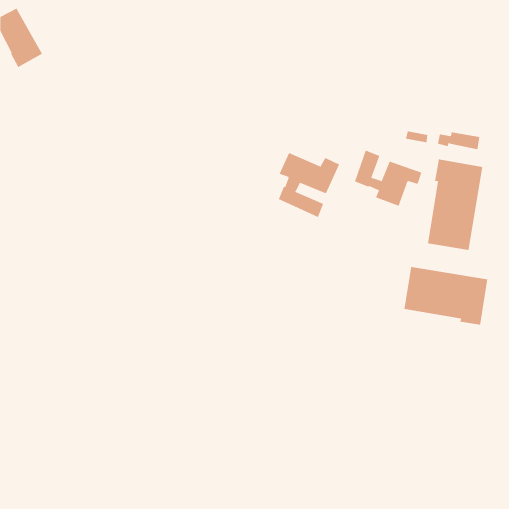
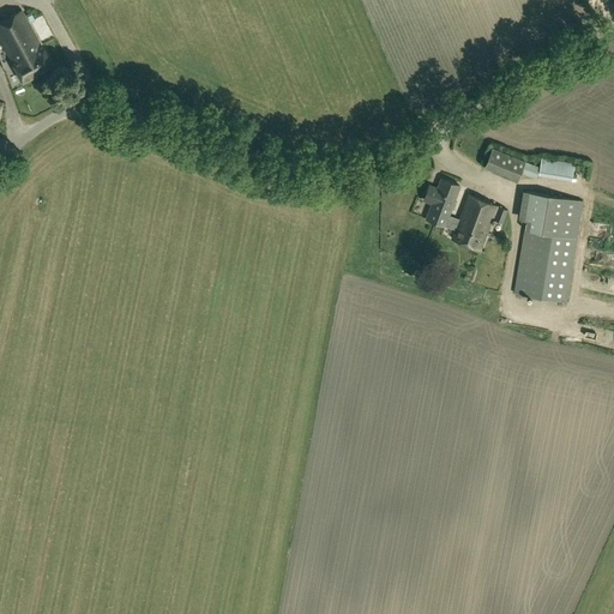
building: [278,152,340,218] -> none
building: [404,266,488,326] -> none

